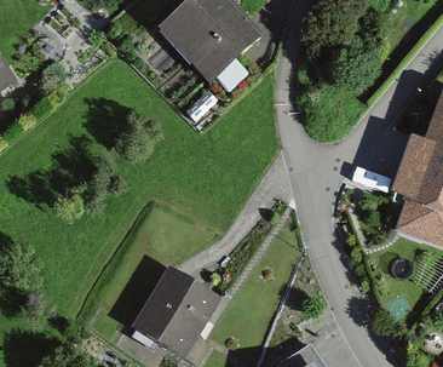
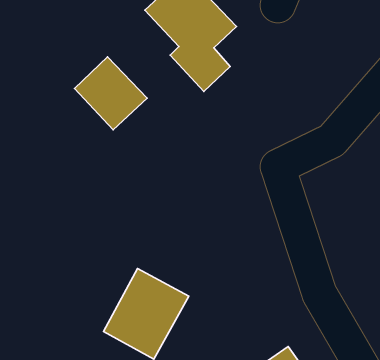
building: none -> [75,57,147,130]

